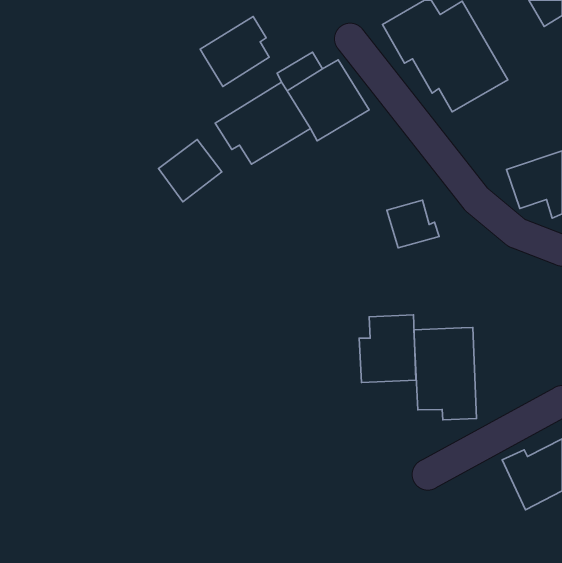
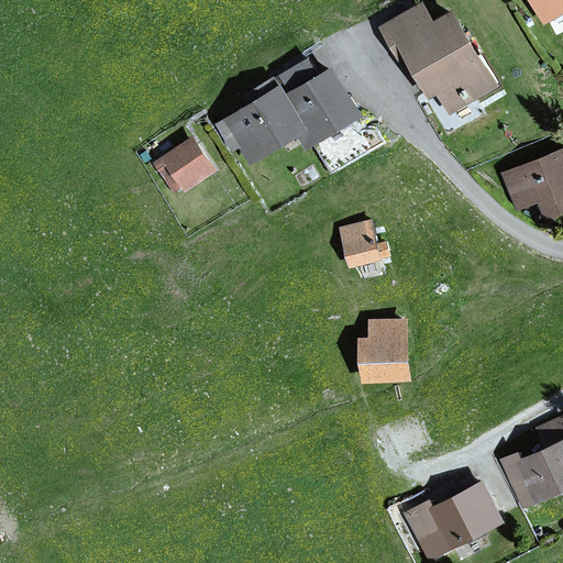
building: [200,17,269,86] -> none
building: [387,200,439,248] -> [336,220,388,267]
building: [414,327,477,420] -> none
building: none -> [404,481,504,553]

